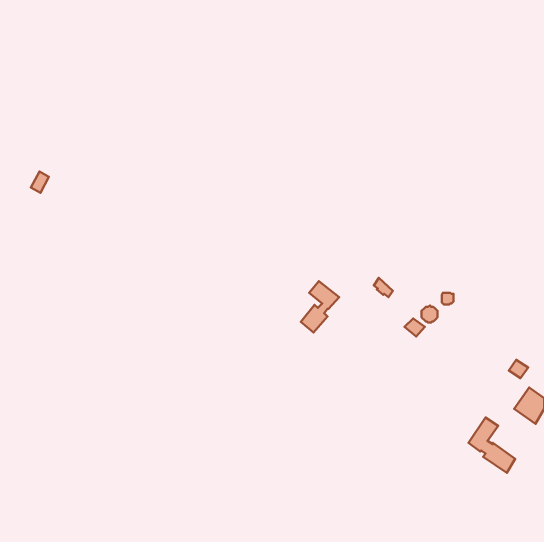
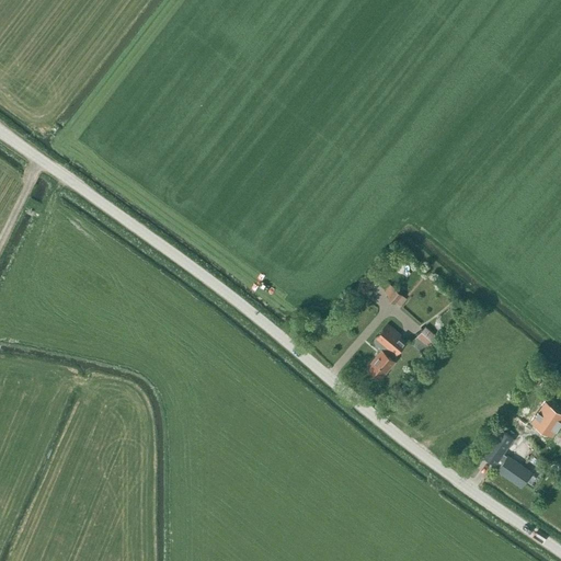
building: [301,281,339,332] -> [367,328,407,380]

